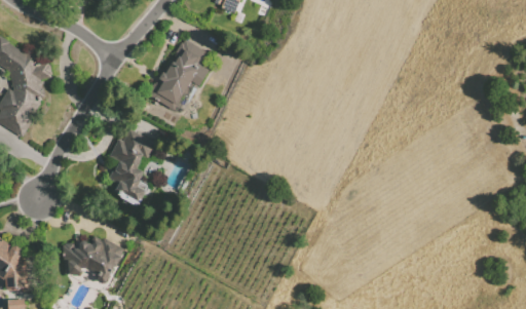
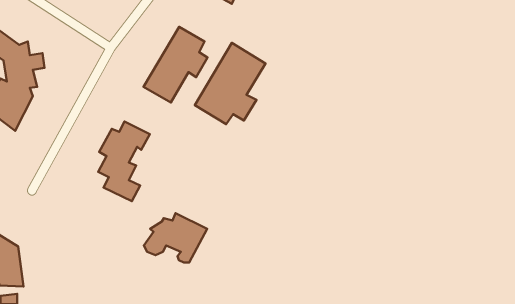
building: none -> [195,43,266,124]
building: [63,235,124,283] -> [144,213,207,262]

